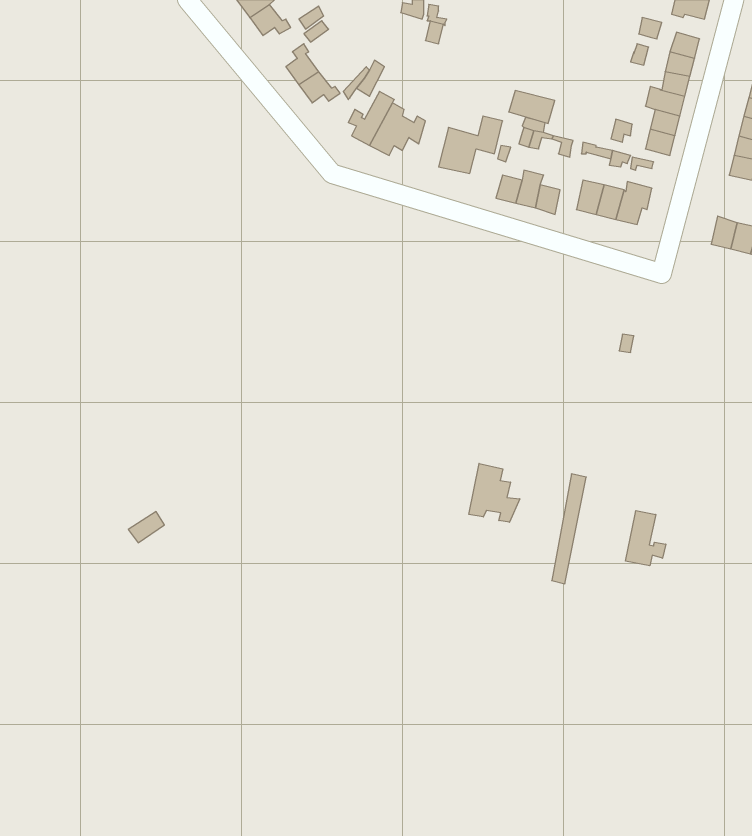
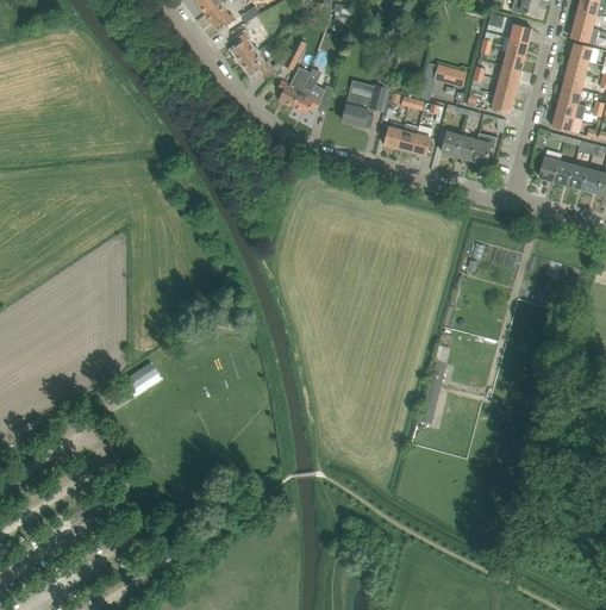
building: [509,91,555,123] -> [433,64,467,88]
building: [469,463,520,522] -> none
building: [626,511,666,566] -> none

